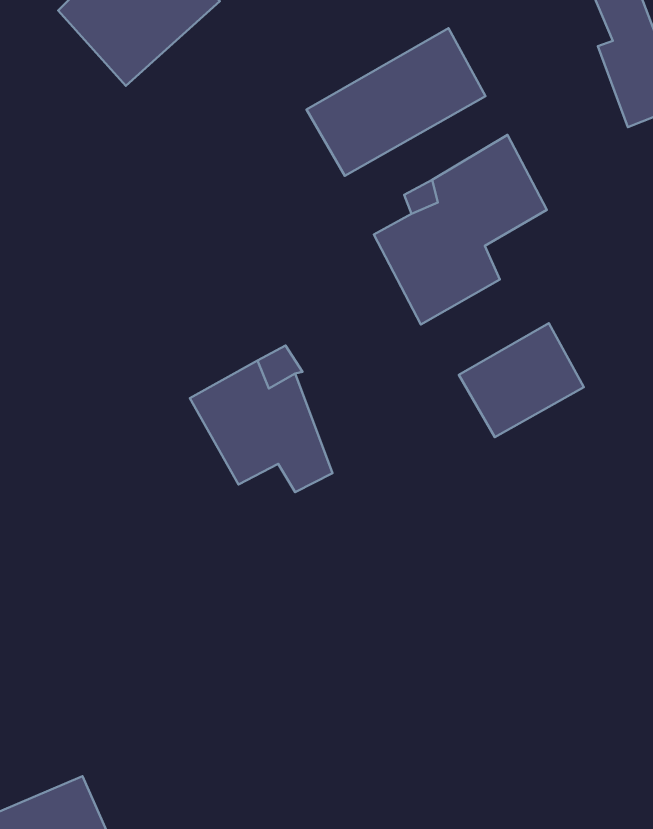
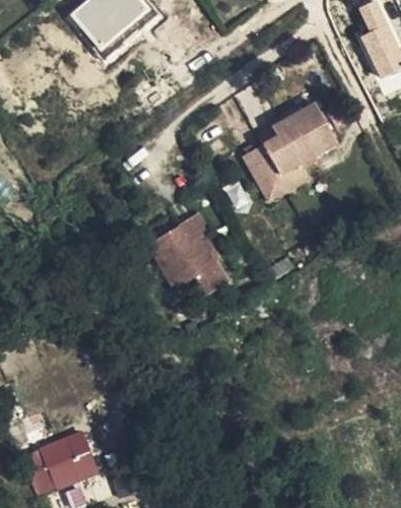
building: [307,28,485,176] -> none
building: [459,323,584,437] -> none

